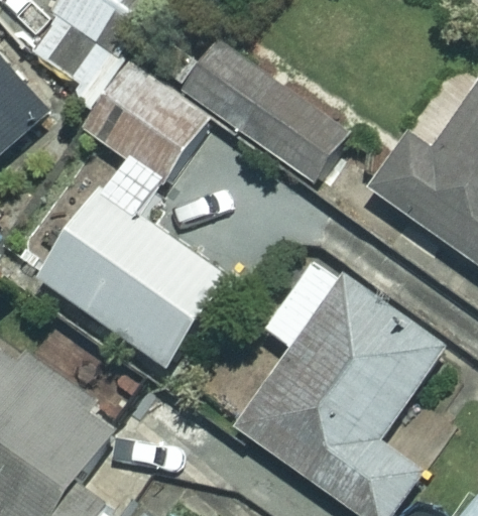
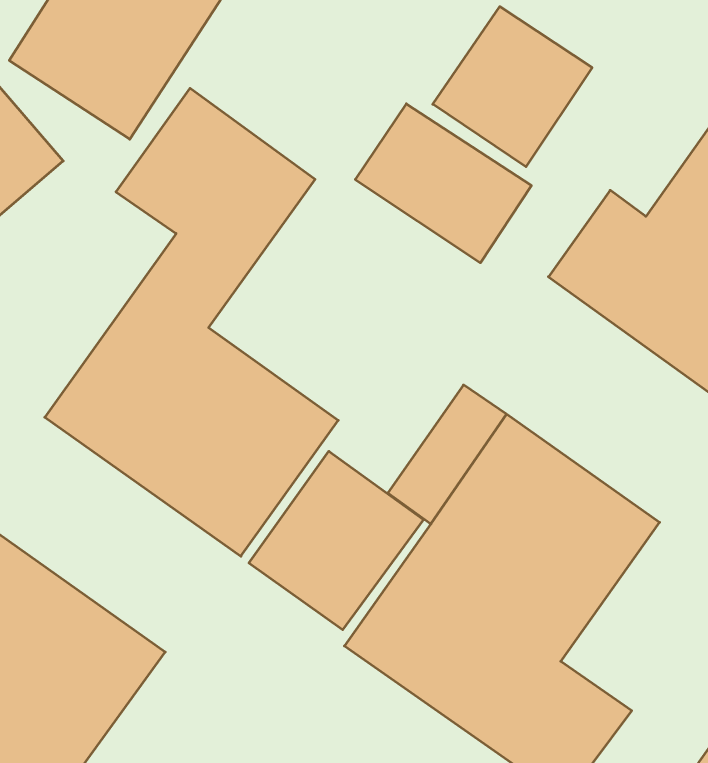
building: none -> [433,7,592,167]
building: none -> [249,451,423,630]

